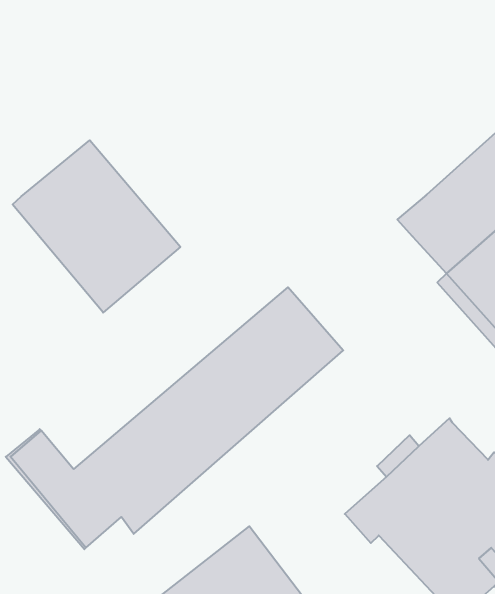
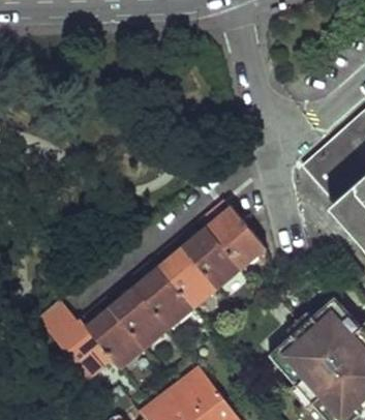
building: [13,140,180,313] -> none

